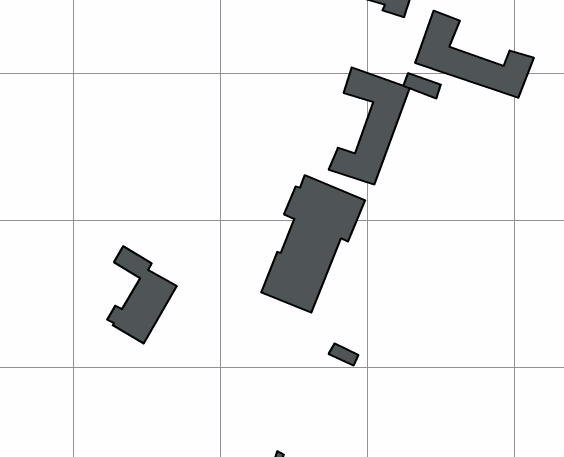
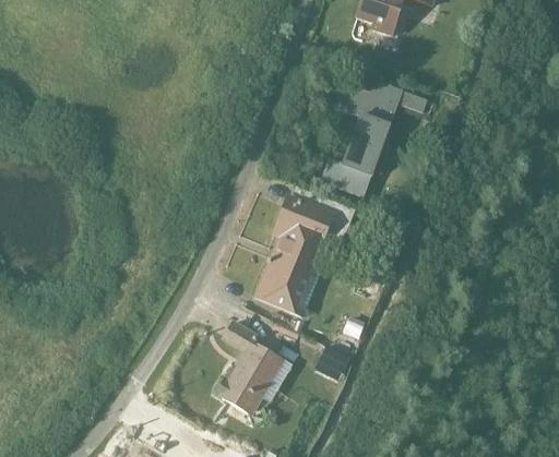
building: [415,11,534,98] -> none
building: [107,246,177,344] -> [216,321,283,413]

